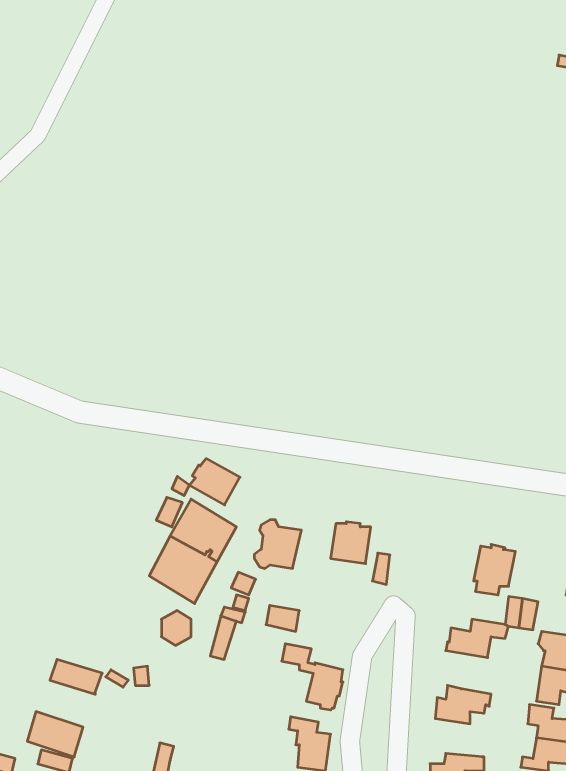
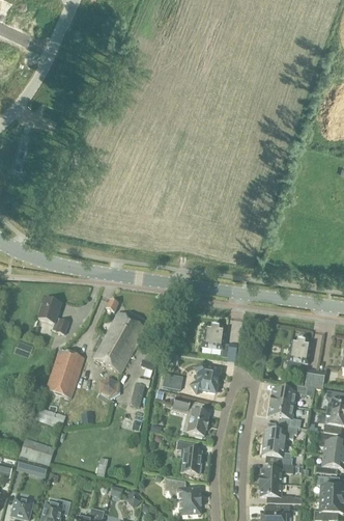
building: [189,459,240,505] -> none
building: none -> [38,297,69,333]
building: [254,520,301,568] -> [193,362,221,391]
building: none -> [48,349,85,395]
building: none -> [268,401,302,427]
building: none -> [262,441,293,464]

